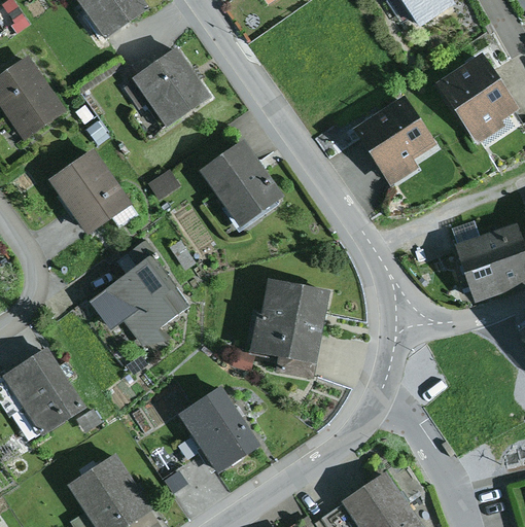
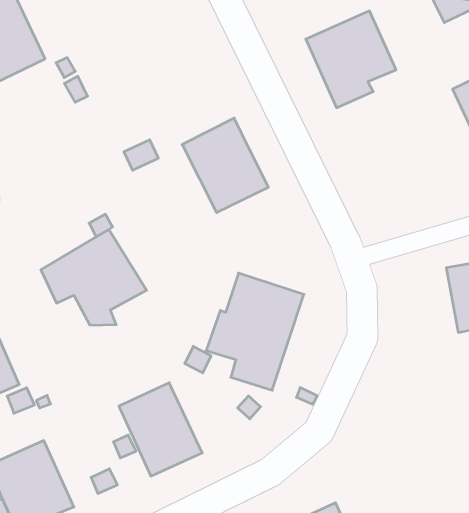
building: [122,47,210,127] -> none
building: [351,95,436,186] -> [306,11,396,108]
building: [48,149,131,235] -> none

